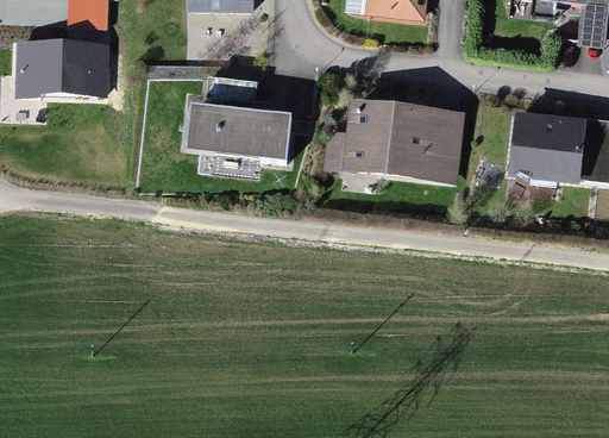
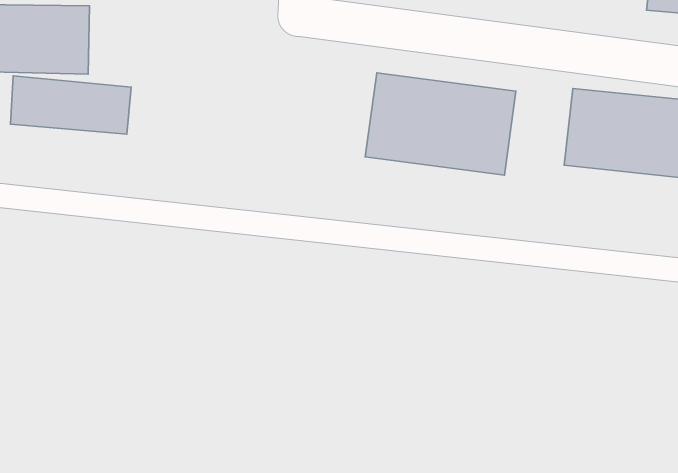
building: [181,107,282,156] -> [10,76,131,134]

